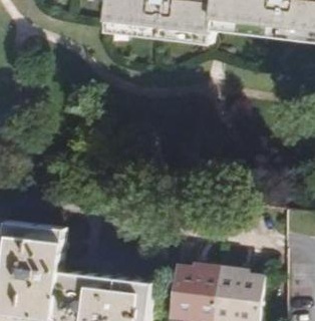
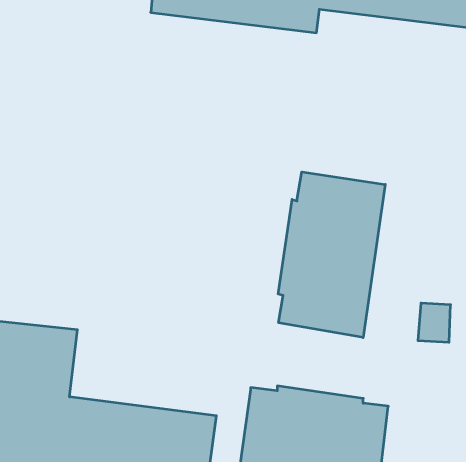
building: none -> [278,172,385,338]

